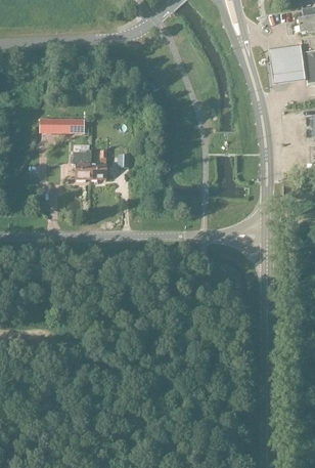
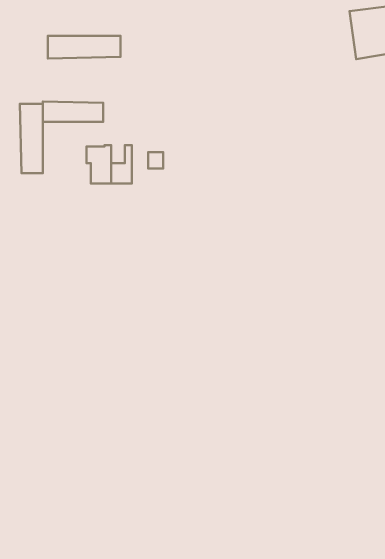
building: none -> [48,36,120,58]
building: none -> [20,104,43,173]

